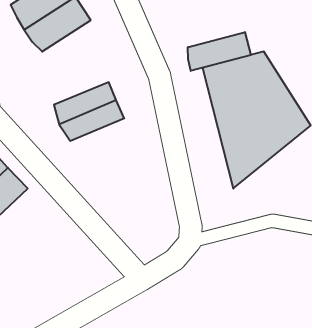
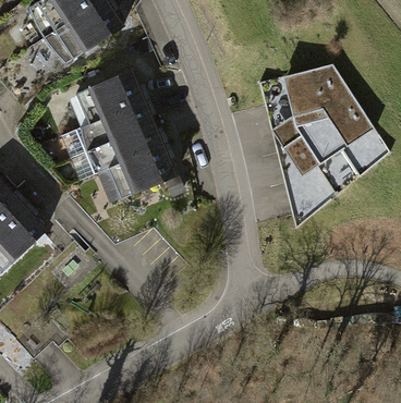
building: [188,32,251,71] -> none
building: none -> [68,69,146,127]
building: none -> [99,144,178,203]

